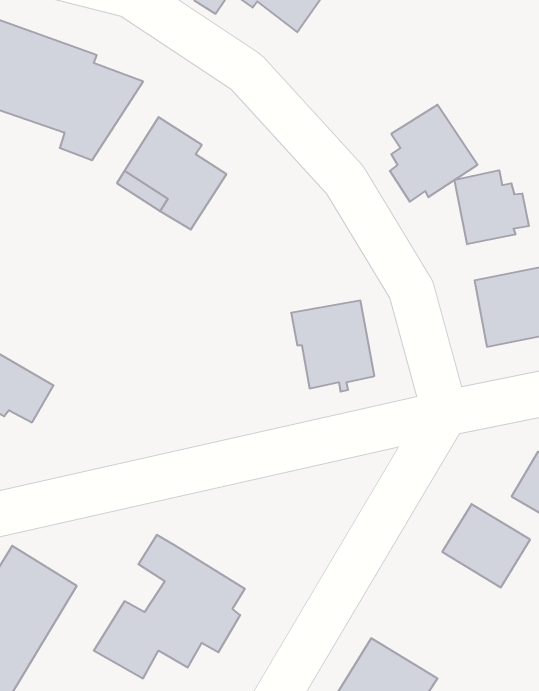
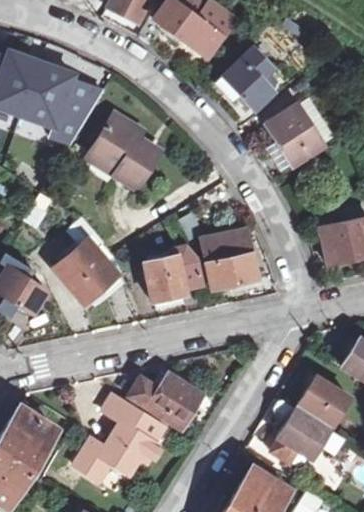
building: none -> [216,54,271,113]
building: [455,170,529,244] -> none
building: none -> [55,245,112,303]
building: none -> [147,260,201,304]
building: none -> [126,365,209,430]
building: none -> [270,399,337,467]

